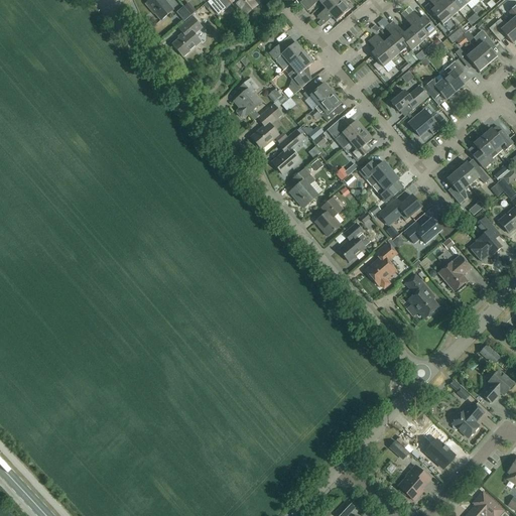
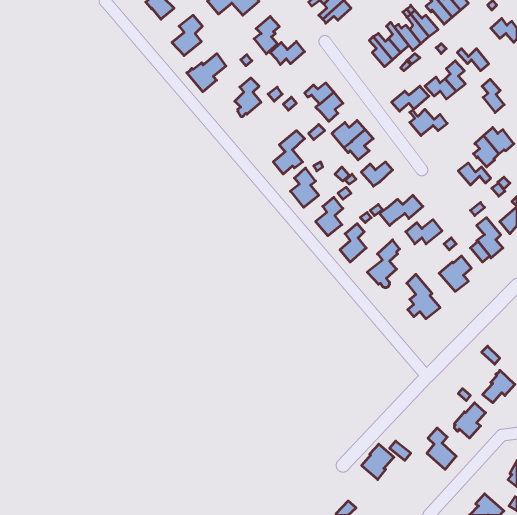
building: [474,30,496,63] -> [482,79,504,113]
building: [287,51,312,89] -> [254,16,279,54]
building: none -> [187,54,226,92]
building: [251,104,281,148] -> none
building: [372,169,400,201] -> none
building: [446,170,469,204] -> none
building: [398,465,430,500] -> [362,444,394,480]

